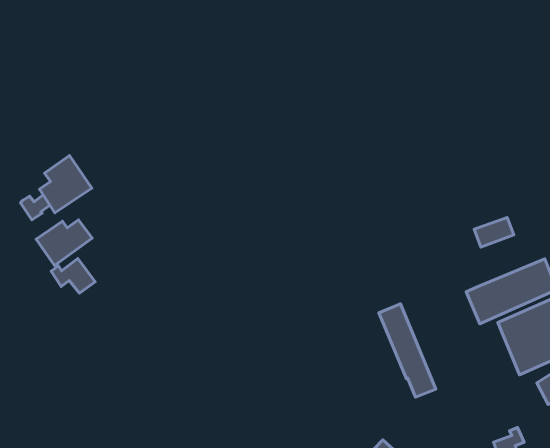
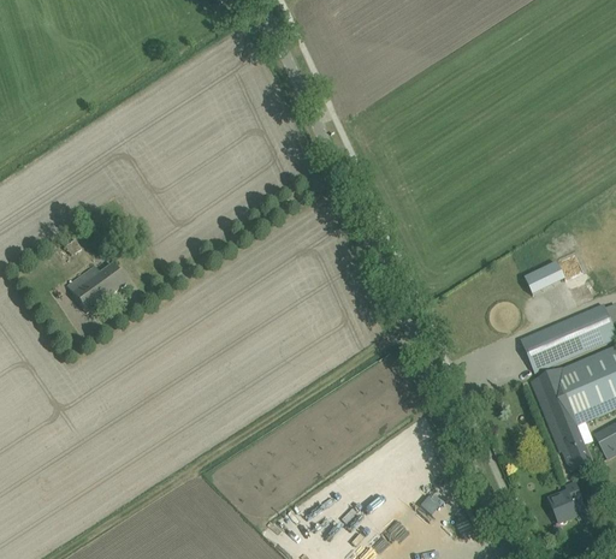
building: [40,156,92,213] -> none
building: [51,258,95,293] -> none
building: [379,304,436,397] -> [532,371,592,470]

